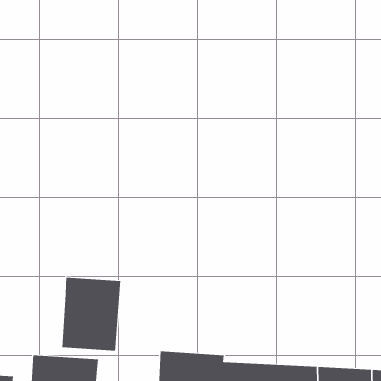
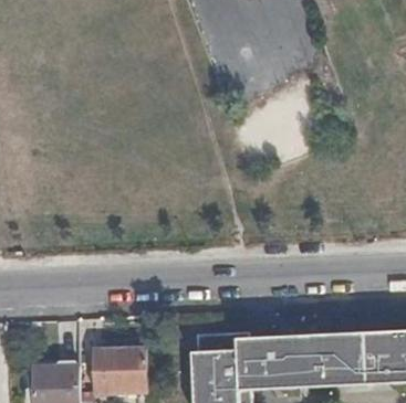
building: [62,277,121,351] -> none

